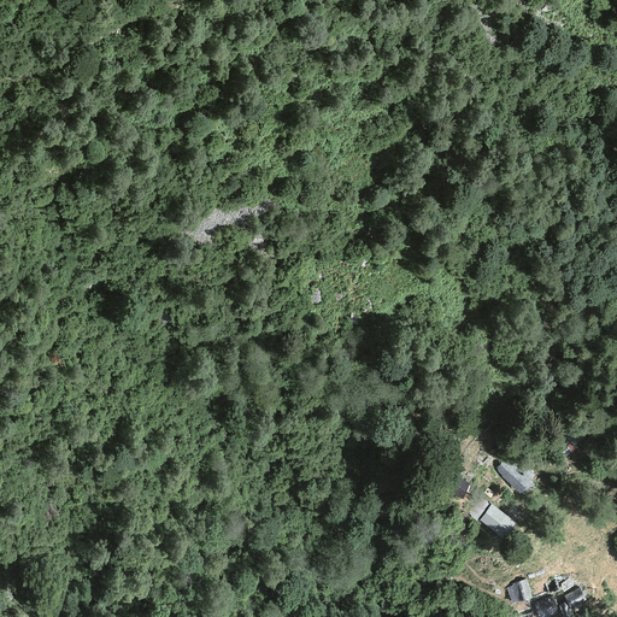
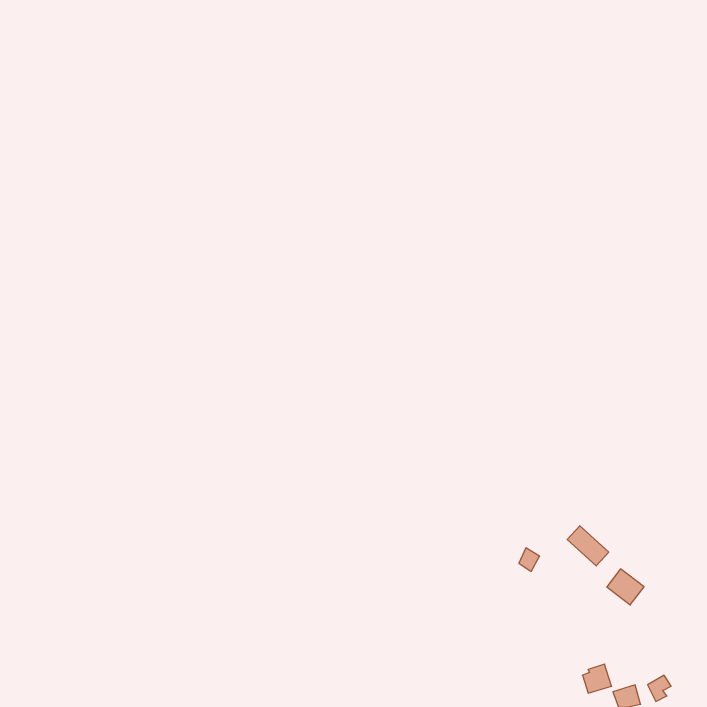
building: [480,505,512,536] -> [607,569,644,605]

